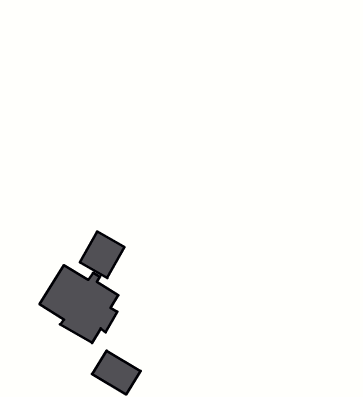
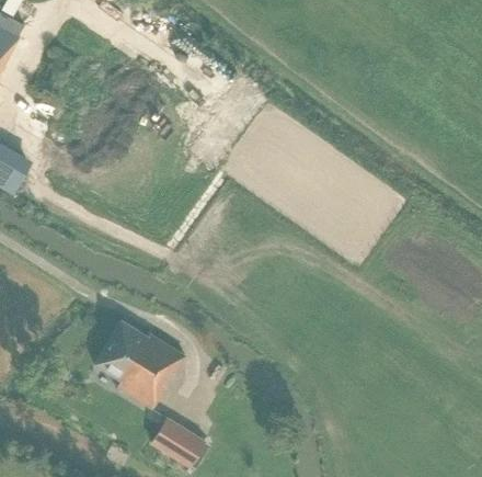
building: [80,232,124,278] -> none

